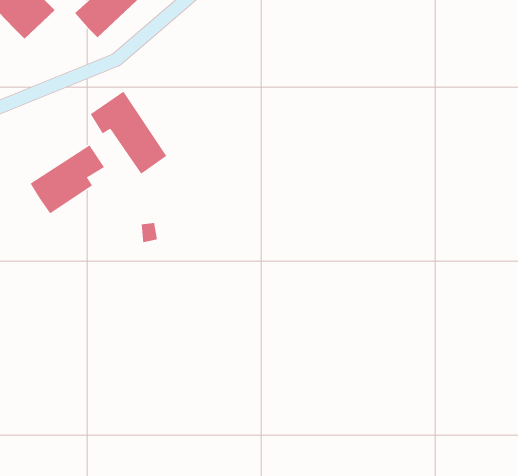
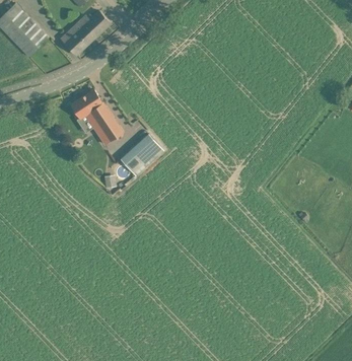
building: [30,144,105,214] -> none
building: none -> [120,134,159,172]

